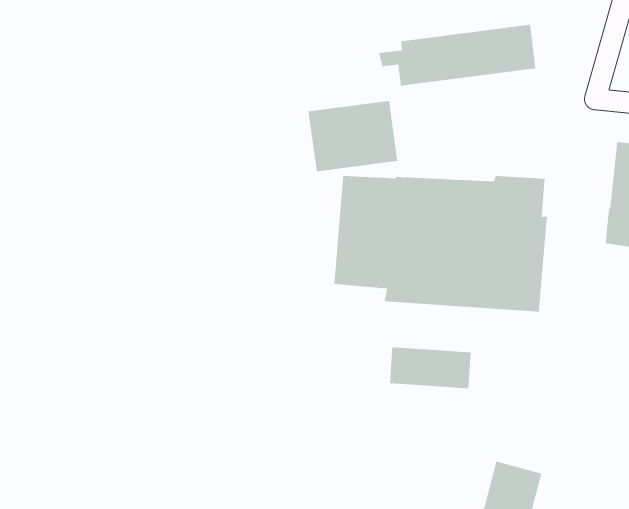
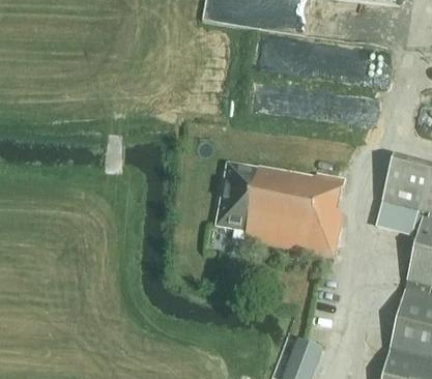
building: [308,100,398,172] -> none
building: [390,346,471,389] -> none

